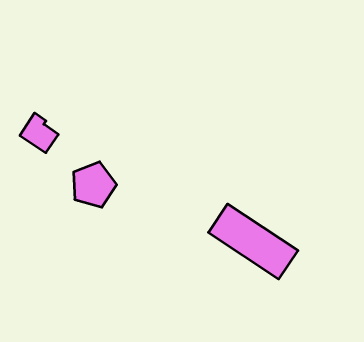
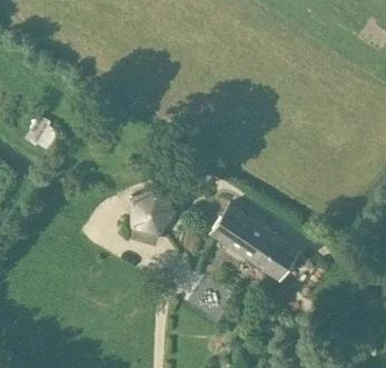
building: [74,162,117,207] -> [131,189,174,233]

